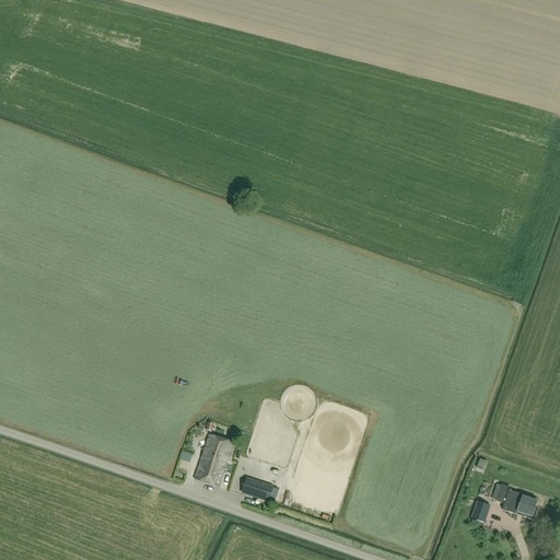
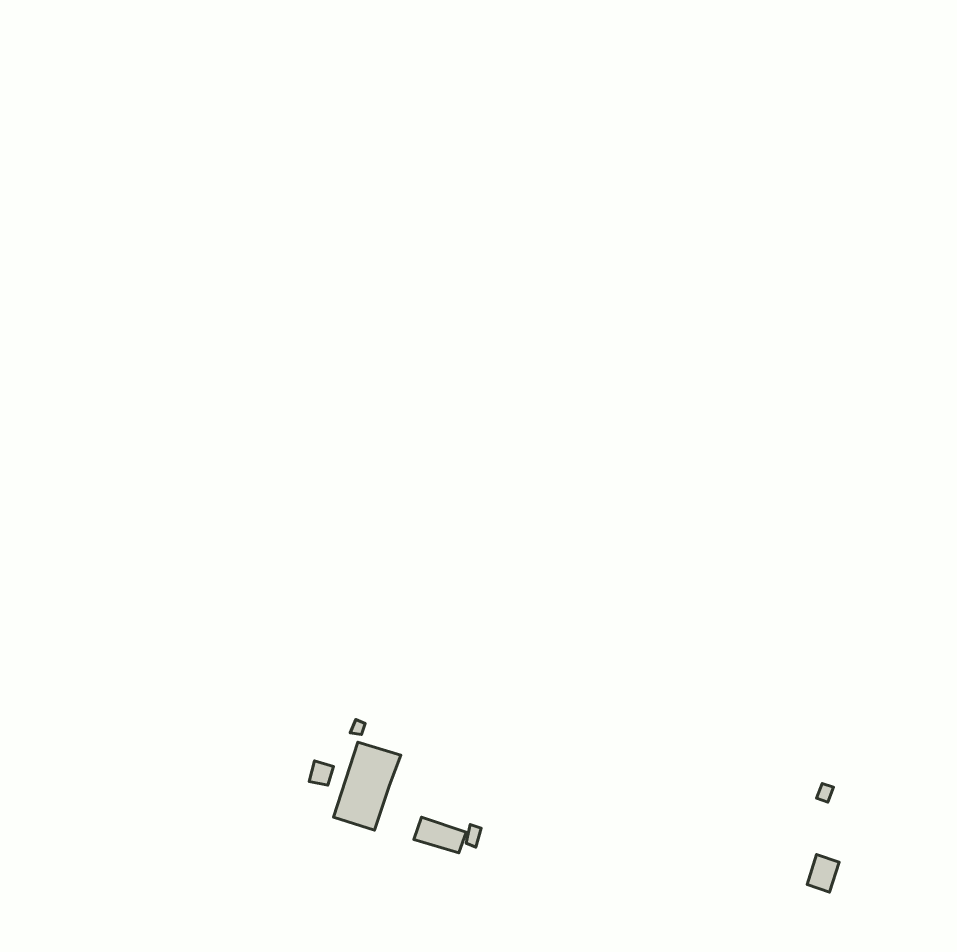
building: [492,482,537,517] -> none

